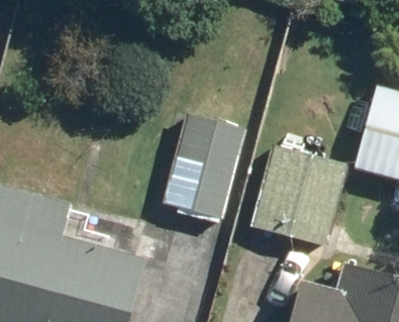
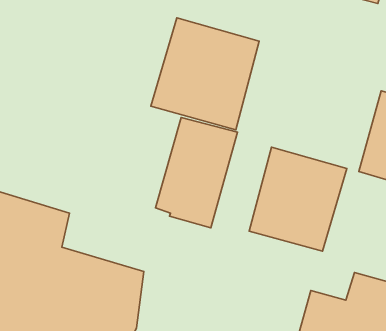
building: none -> [151,18,259,130]

